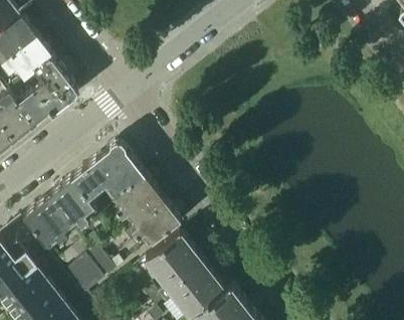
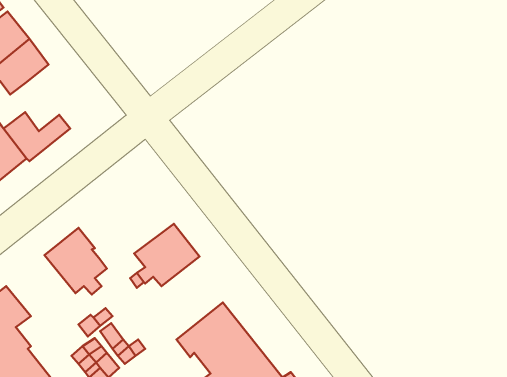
building: [34,56,78,106] -> none
building: [73,145,144,199] -> none
building: [23,197,71,246] -> none
building: [132,198,180,243] -> none

